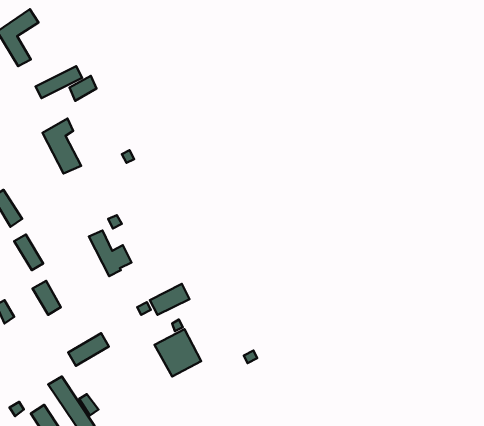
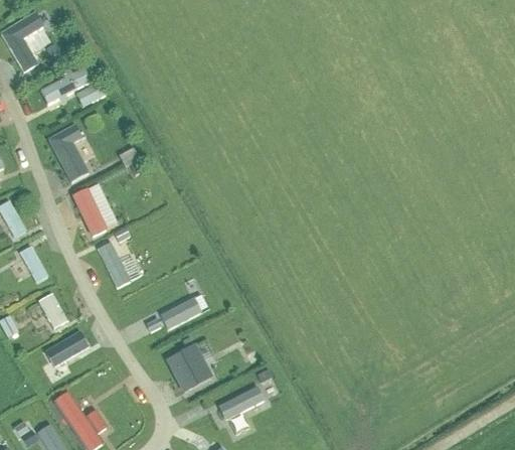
building: none -> [71,185,107,235]
building: [68,333,109,366] -> [45,331,88,365]
building: none -> [217,385,266,420]

